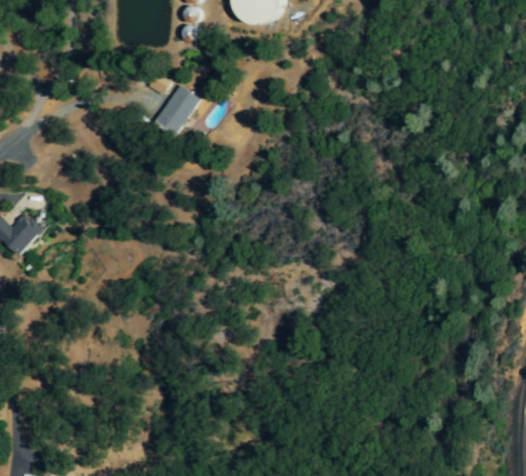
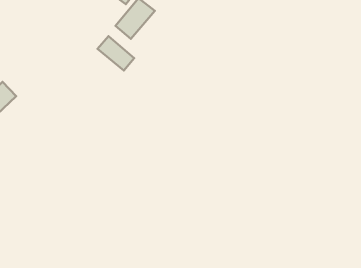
building: none -> [98,36,134,70]

